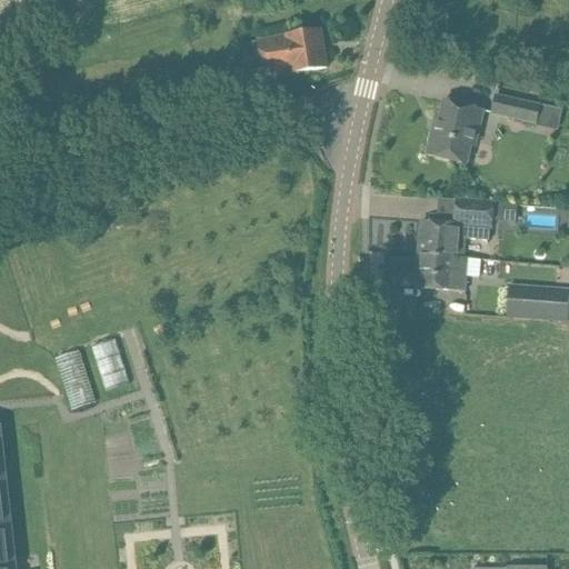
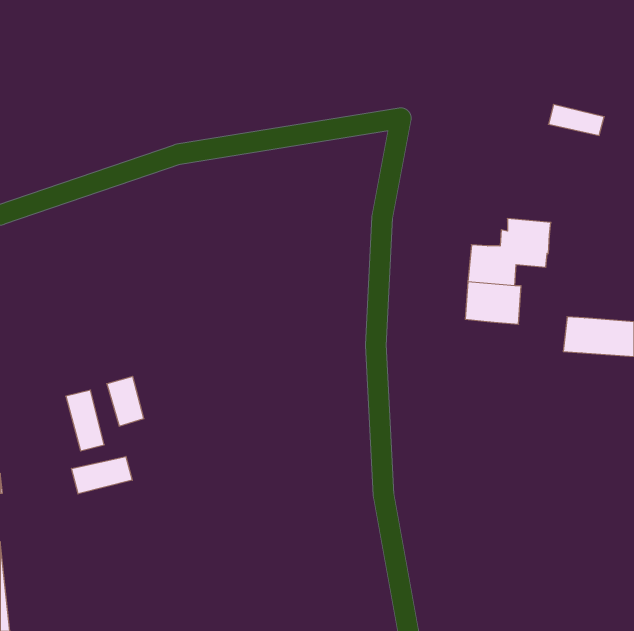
building: [240,27,326,77] -> none
building: [426,99,483,162] -> none
building: none -> [72,456,132,494]

